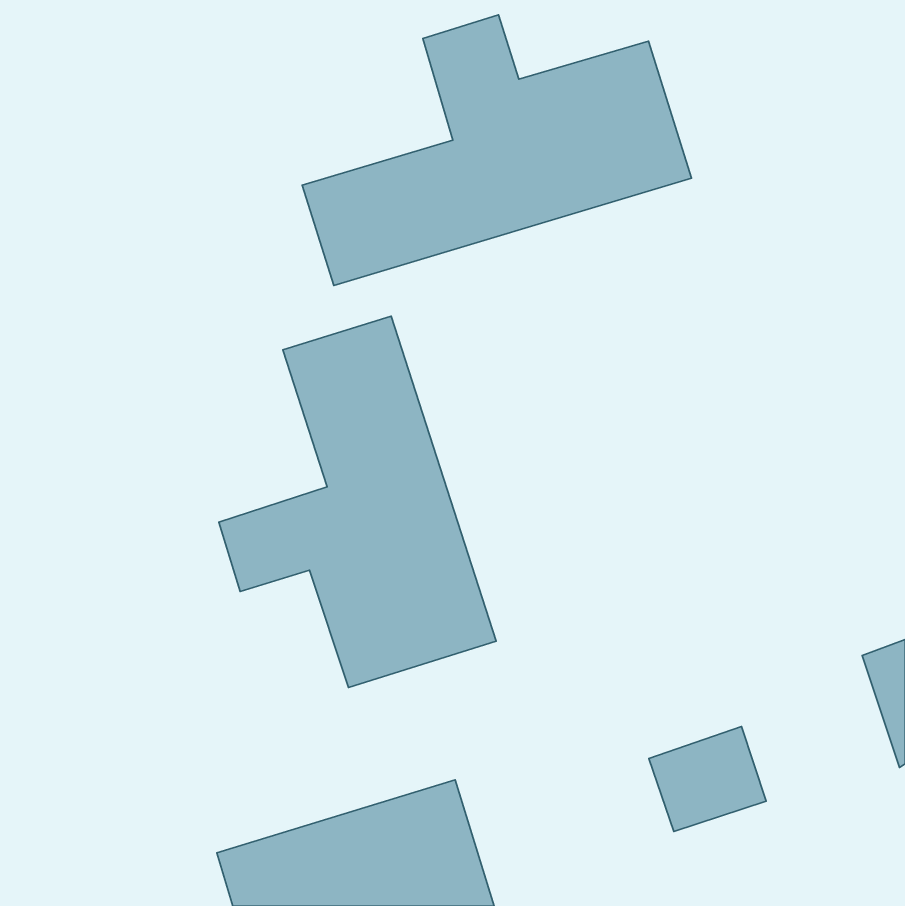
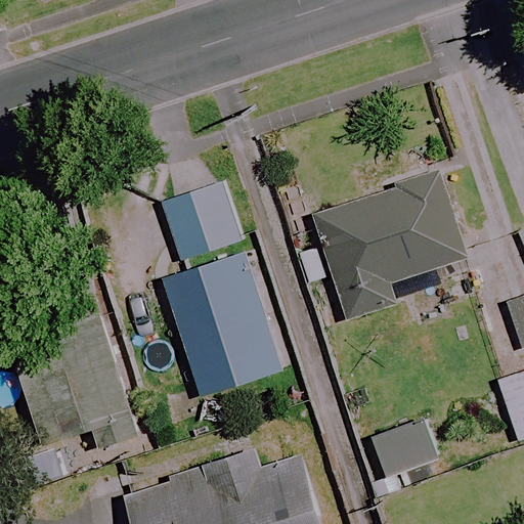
building: [302,15,691,286] -> none
building: none -> [313,175,465,323]

